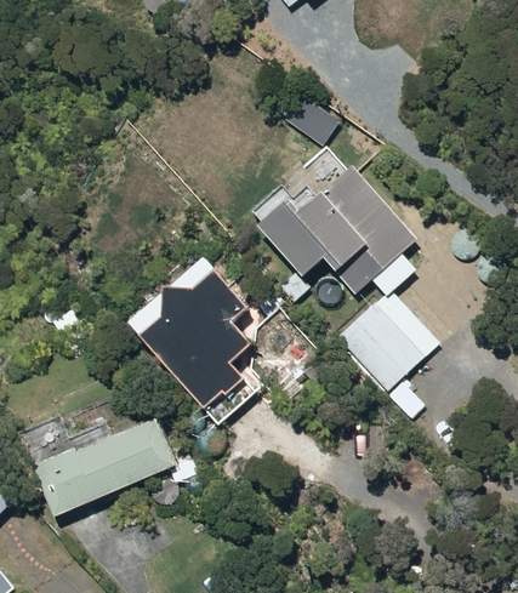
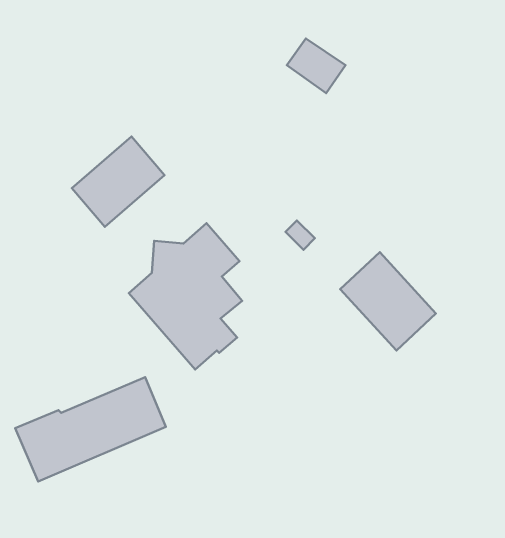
building: [264,165,422,295] -> none
building: none -> [72,136,164,227]

